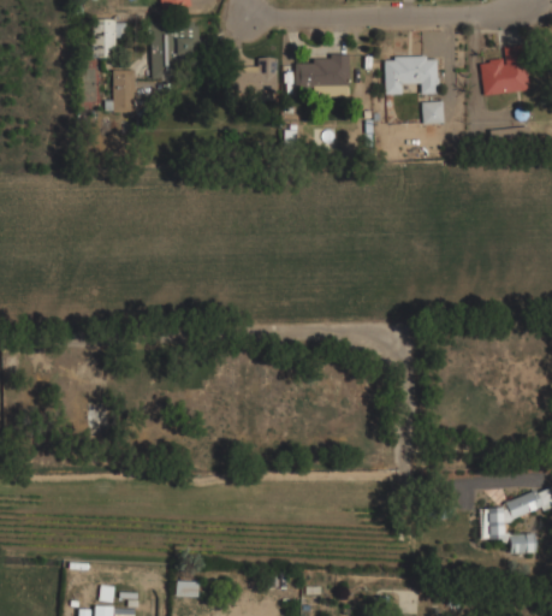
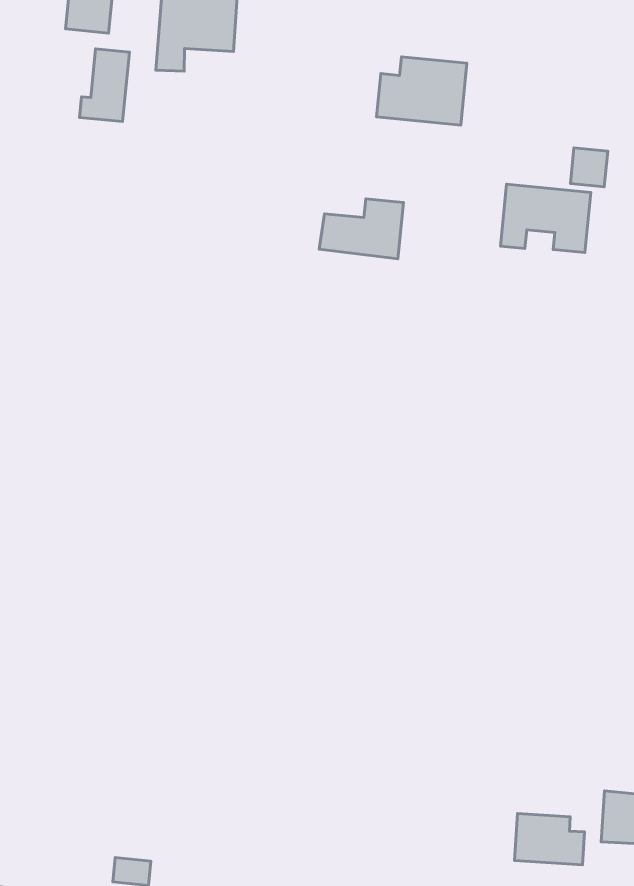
building: [385,55,439,95] -> [500,184,591,253]
building: [227,58,278,94] -> [319,199,403,259]
building: none -> [515,813,584,865]

